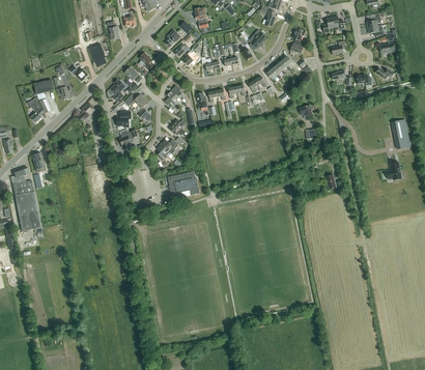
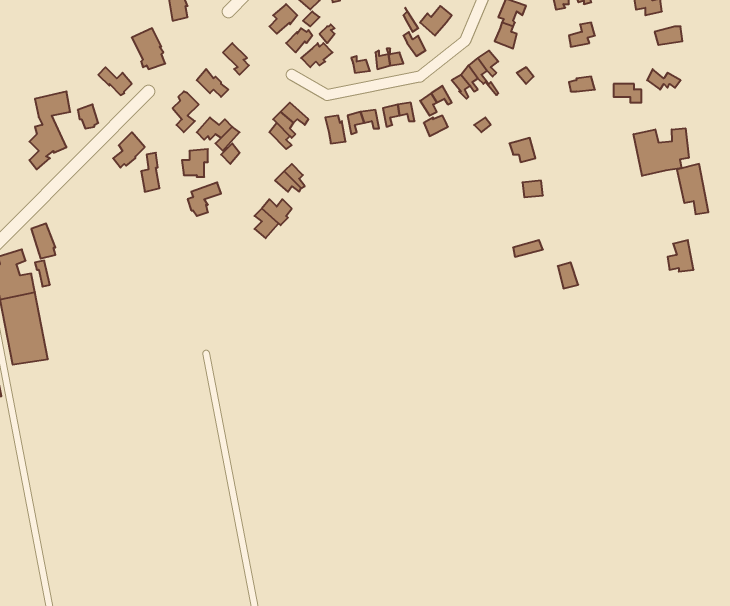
building: none -> [634,128,689,176]
building: [167,171,200,195] -> none

